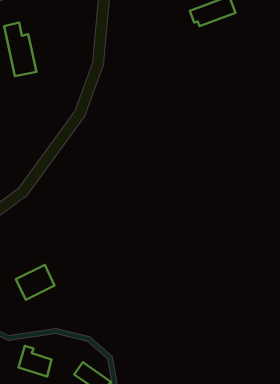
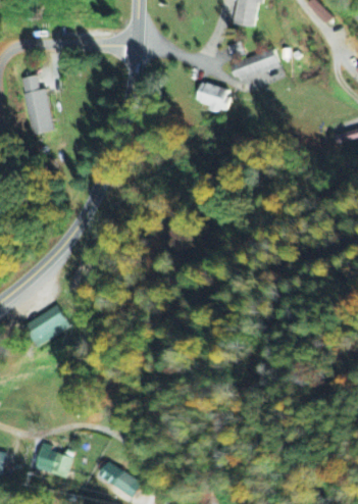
building: none -> [197,81,234,112]
building: [16,265,55,300] -> [27,307,70,347]

